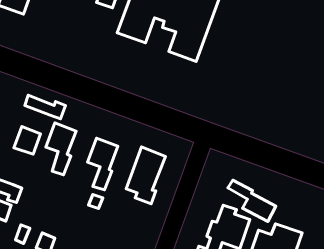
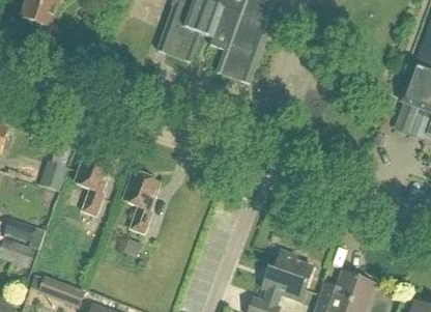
building: [25,95,65,119] -> none
building: [126,147,165,204] -> none
building: [228,180,276,222] -> none

